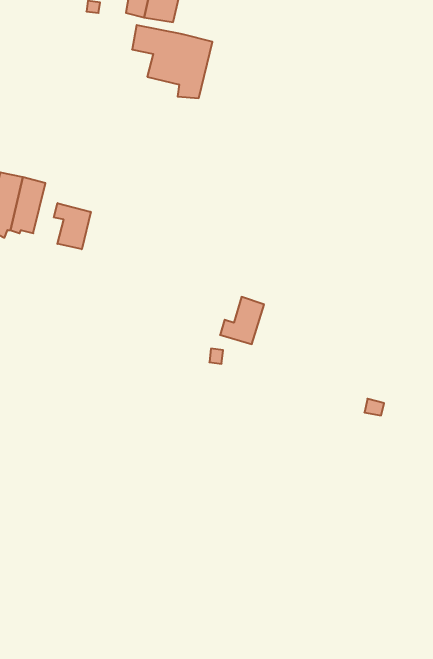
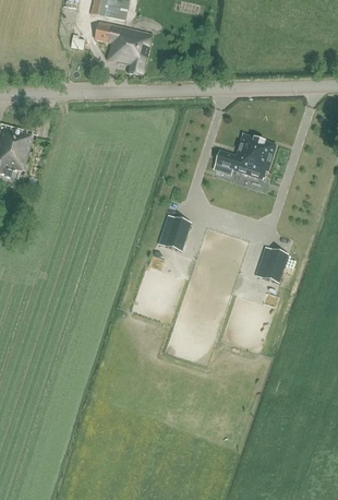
building: none -> [213,133,276,178]
building: [54,203,91,249] -> none
building: none -> [255,248,288,282]

